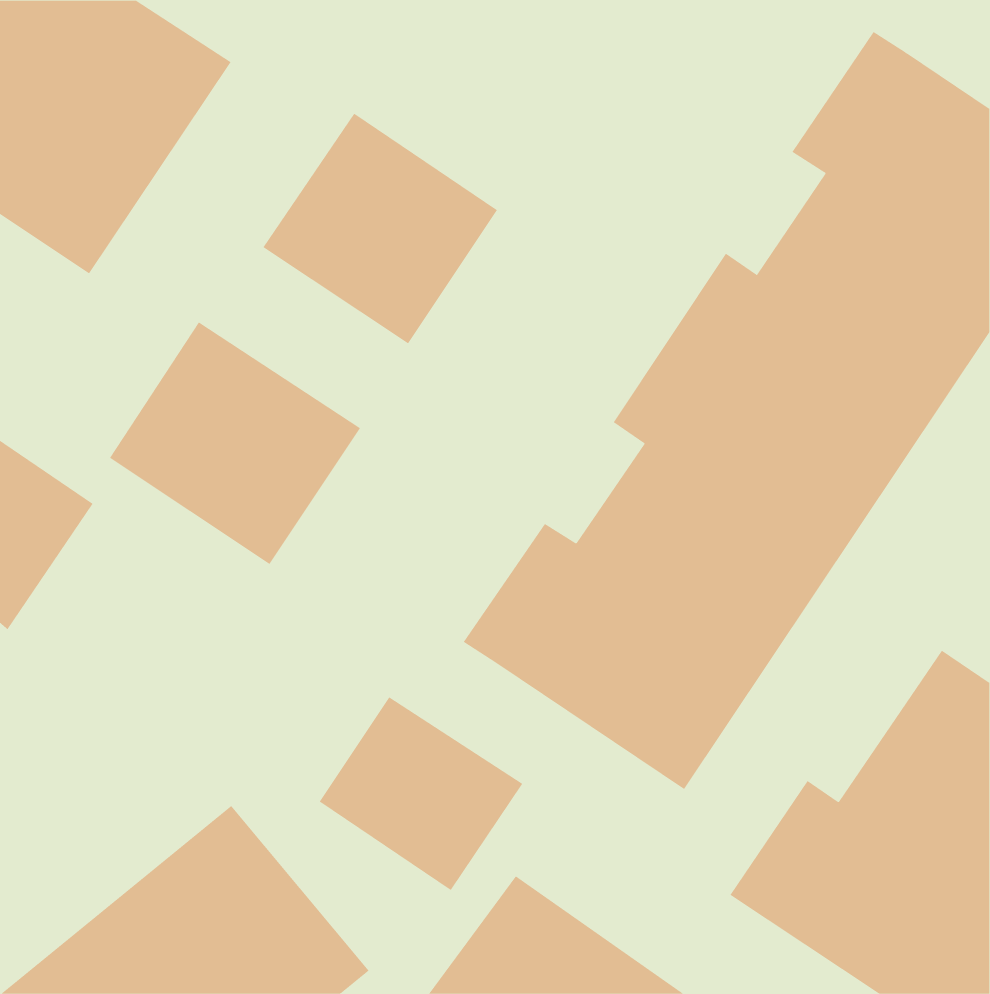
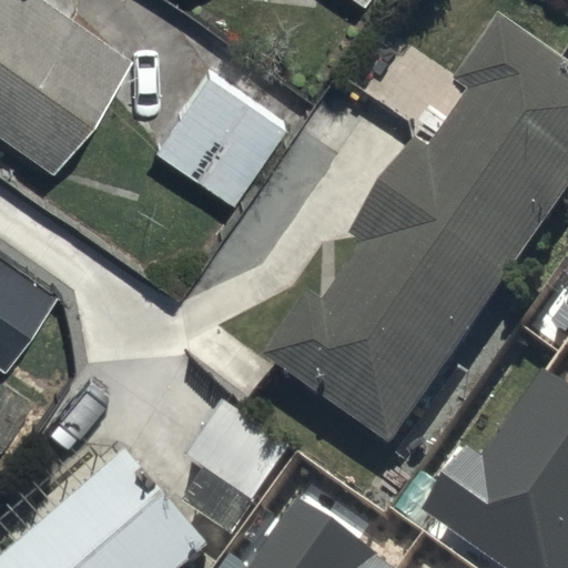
building: [109,322,361,565] -> none

